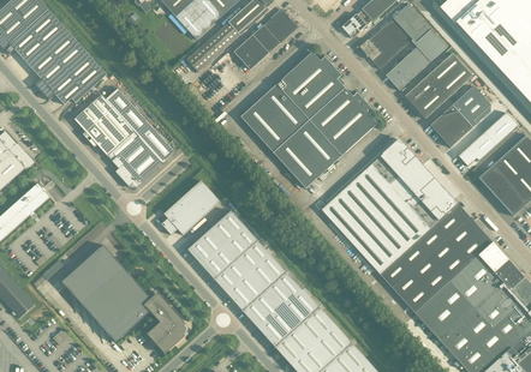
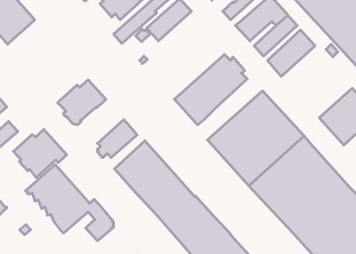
building: [35,38,106,104] -> none
building: [241,52,344,151] -> none
building: [430,85,490,146] -> none
building: [74,88,150,156] -> [13,129,67,178]
building: [458,112,518,166] -> none

